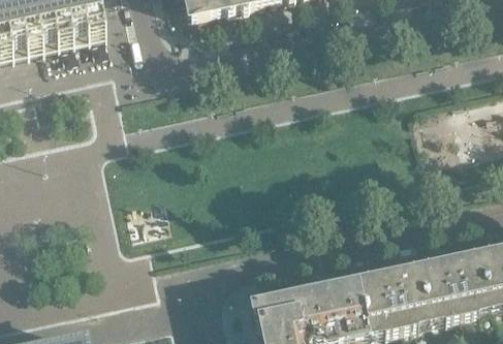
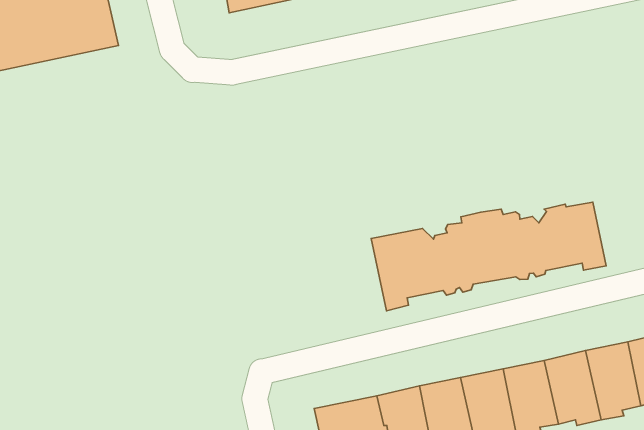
building: none -> [371,202,606,311]

